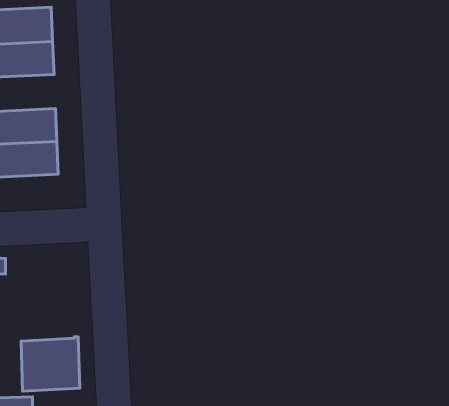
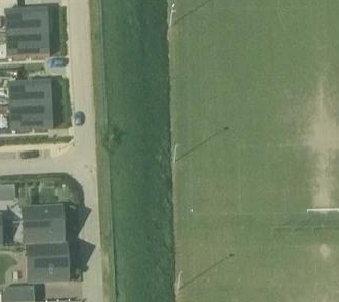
building: none -> [22,207,65,246]

